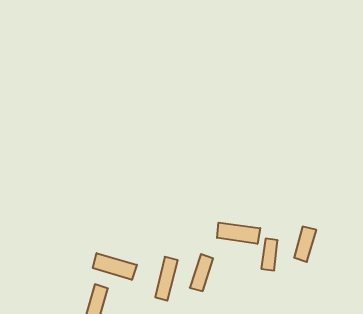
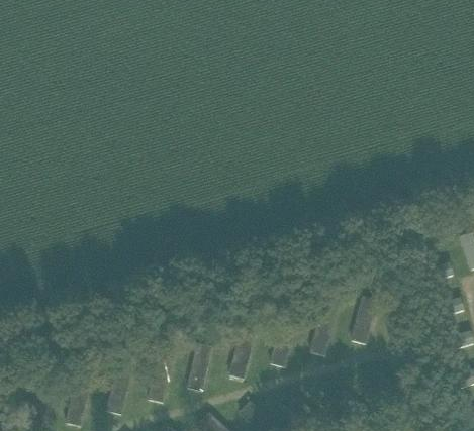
building: [217,223,260,244] -> none
building: [93,253,137,280] -> none

